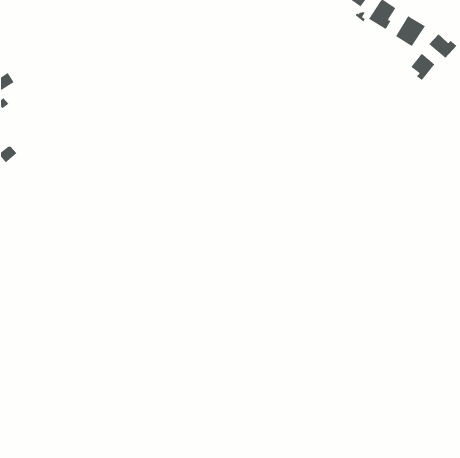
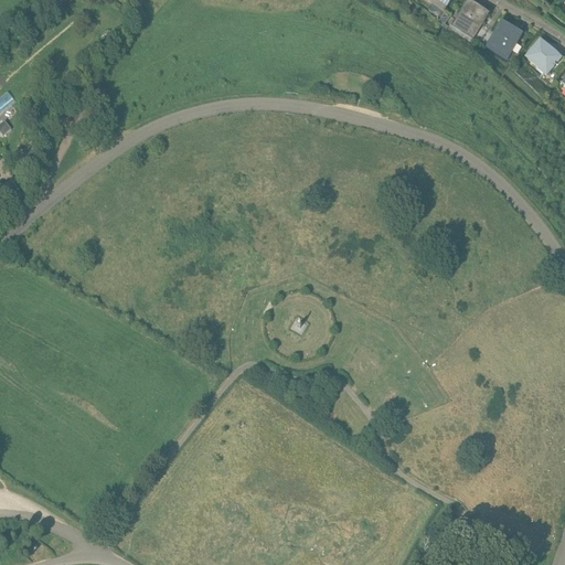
building: [410,53,435,81] -> none

